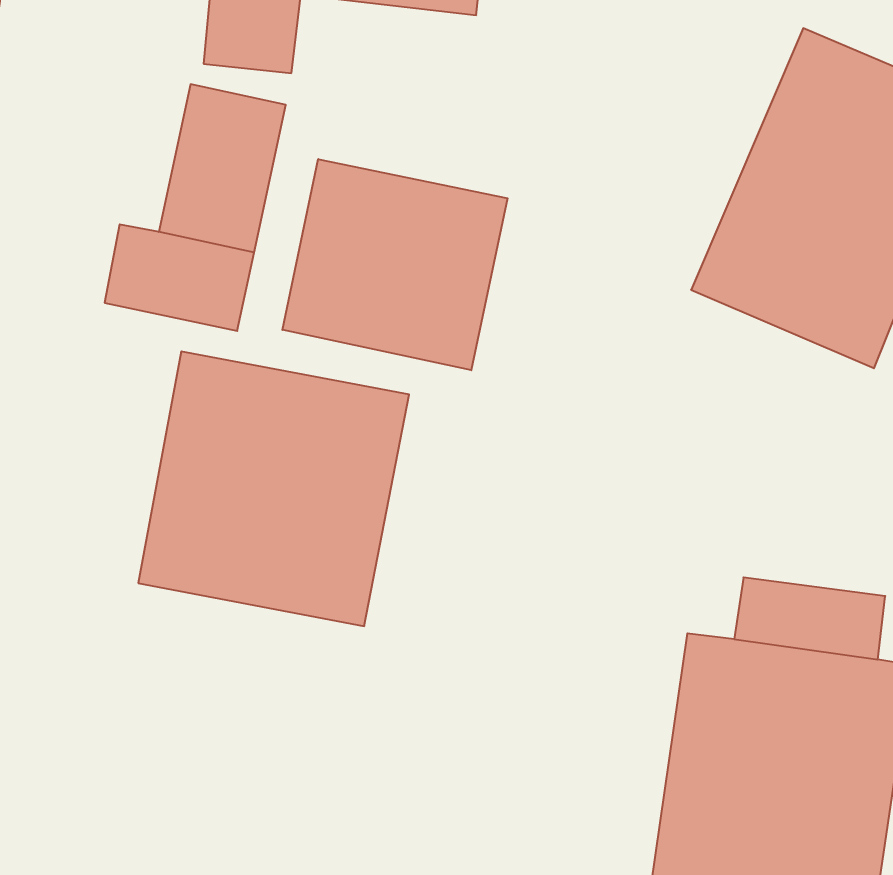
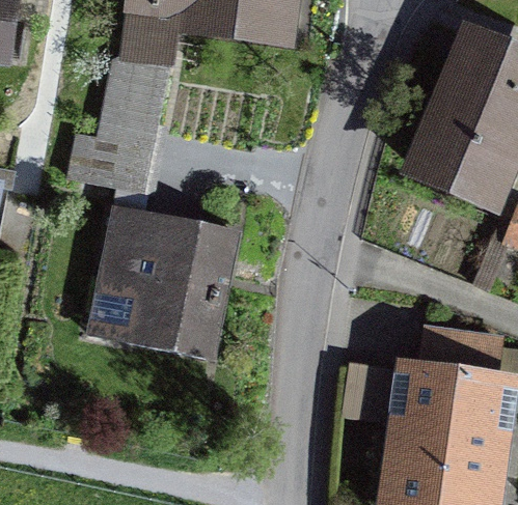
building: [282,159,508,370] -> none

